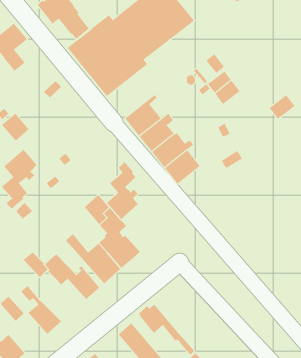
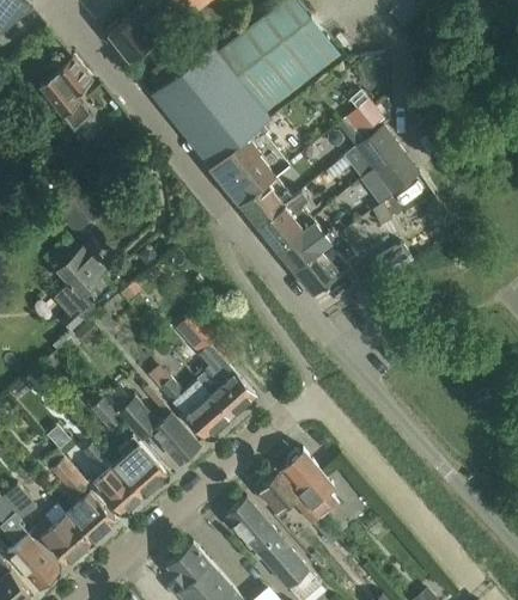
building: none -> [209,114,290,198]
building: [269,94,295,120] -> [380,158,420,195]
building: [106,162,139,220] -> none
building: none -> [112,437,166,497]
building: none -> [280,451,337,519]
building: none -> [65,494,115,544]

